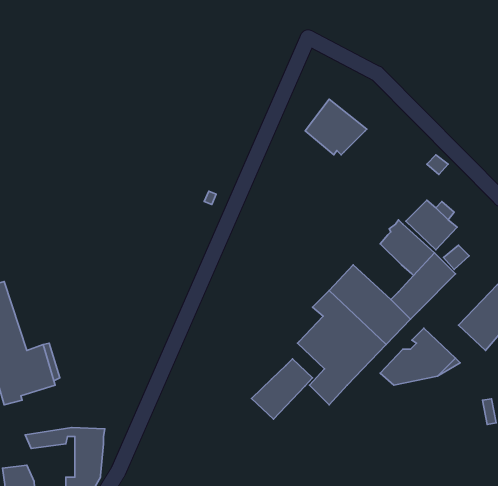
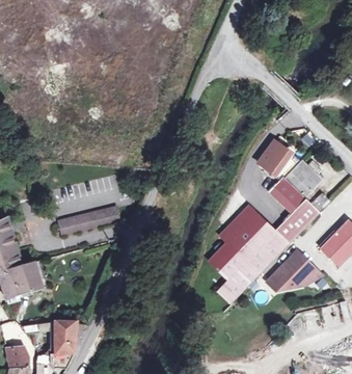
building: [305,99,367,155] -> [258,140,300,179]
building: none -> [57,207,119,236]
building: [252,359,313,419] -> none

